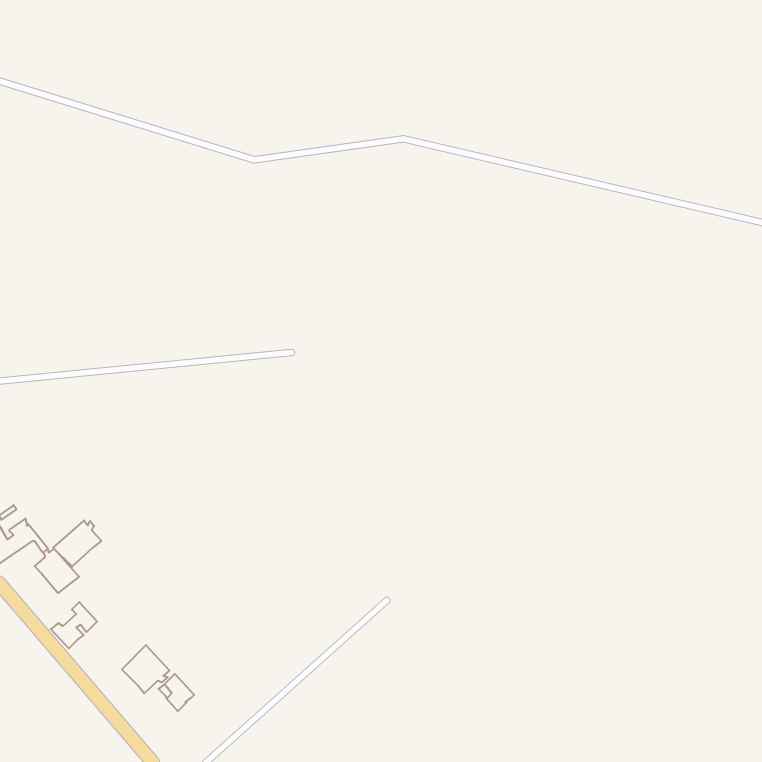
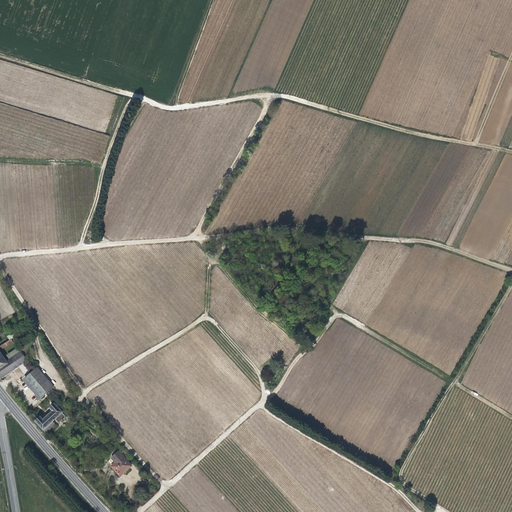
building: [53,520,101,567] -> none
building: [122,645,169,693] -> none

